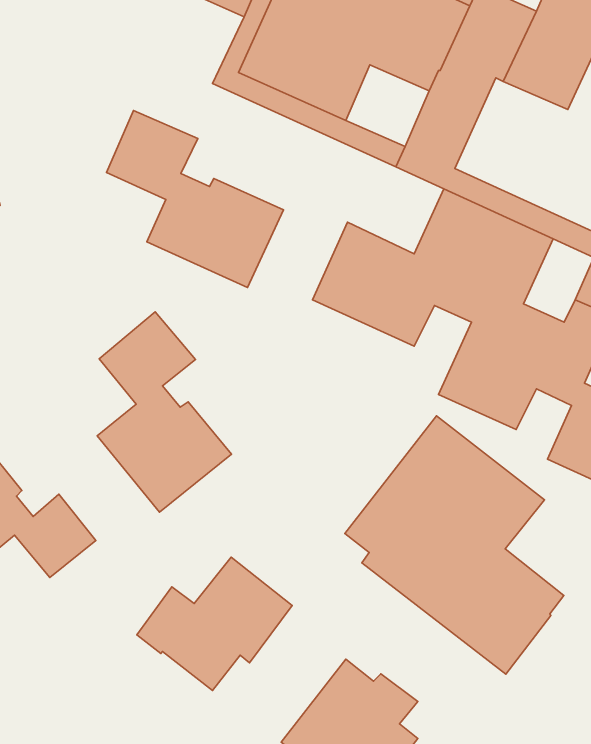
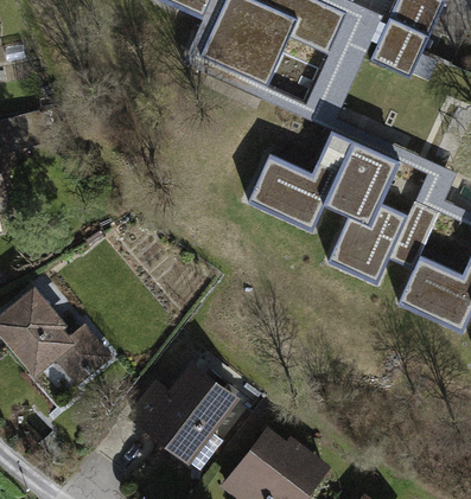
building: [106,110,284,287] -> none
building: [97,312,232,512] -> none
building: [345,416,564,674] -> none

